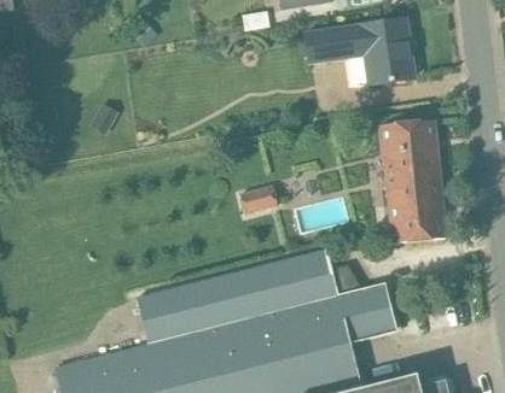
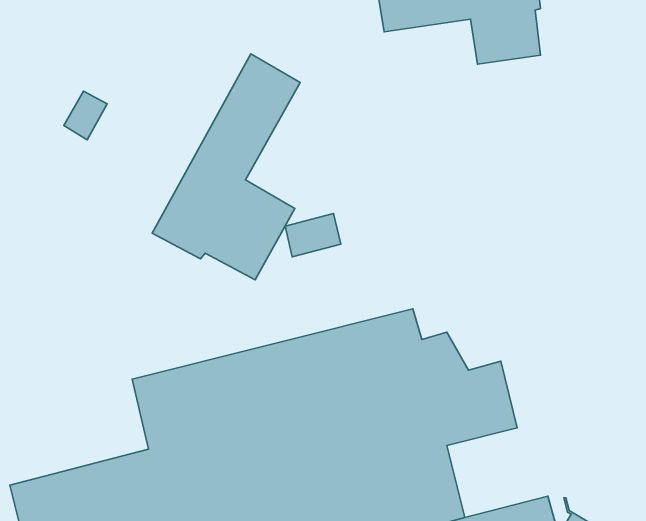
building: none -> [152,54,300,280]
building: [381,119,447,242] -> none

